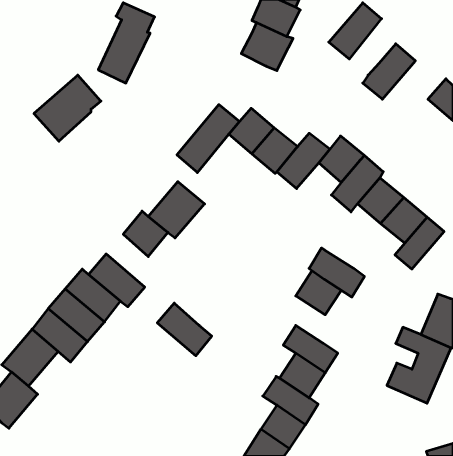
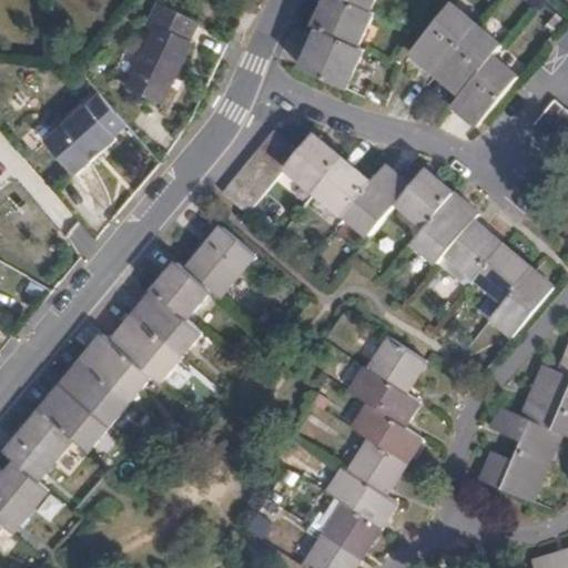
building: none -> [434,23,498,93]
building: [309,248,364,297] -> [348,365,417,426]
building: [157,303,212,356] -> [132,291,200,356]

